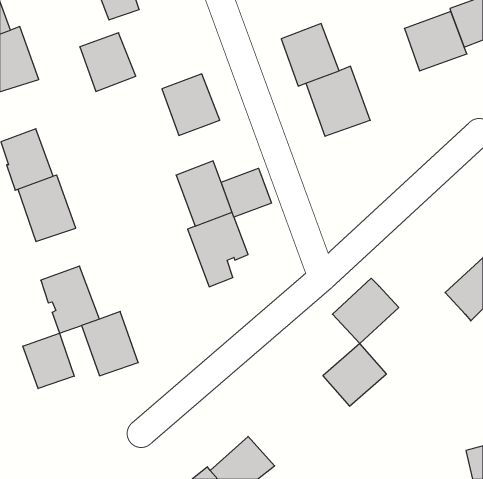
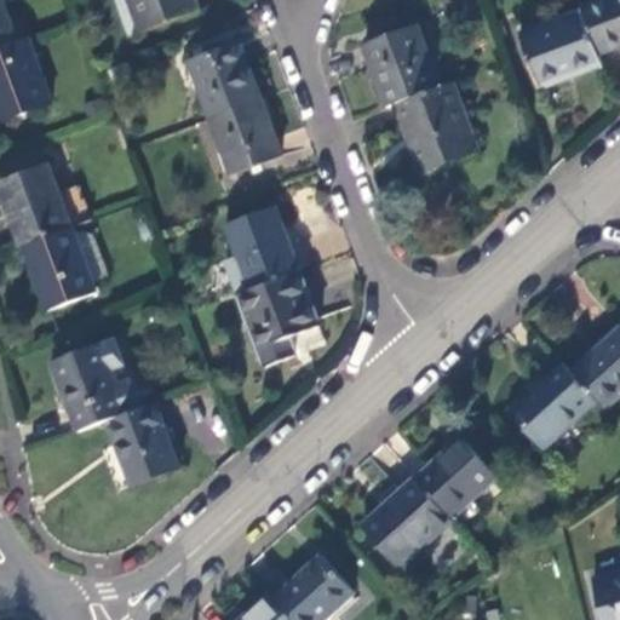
building: [80,33,136,91] -> [186,39,258,114]
building: [221,168,271,217] -> none
building: [332,278,399,344] -> [510,364,595,448]
building: [23,333,74,389] -> none
building: none -> [362,481,449,567]

